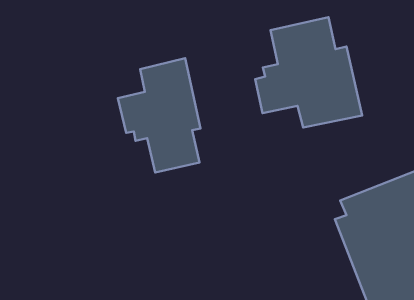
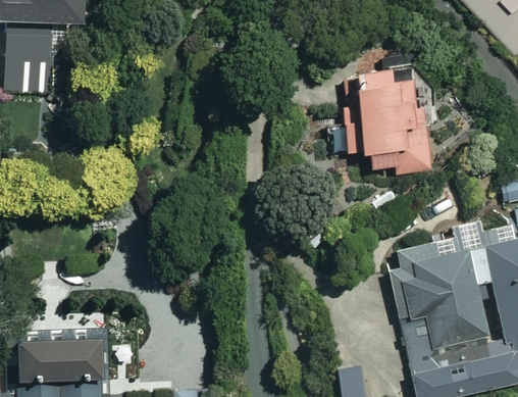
building: [118,58,201,173] -> none

